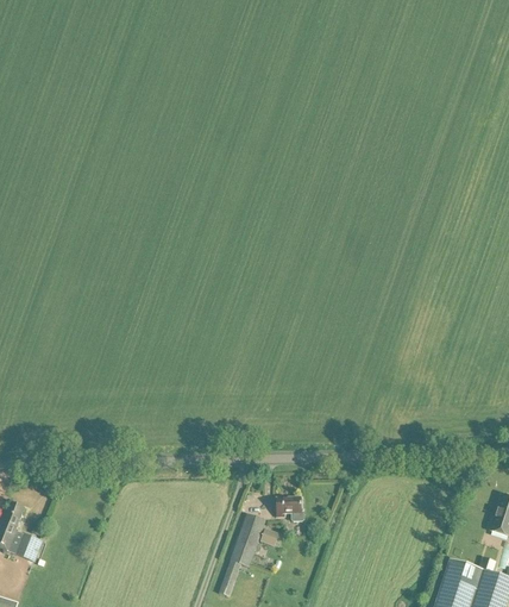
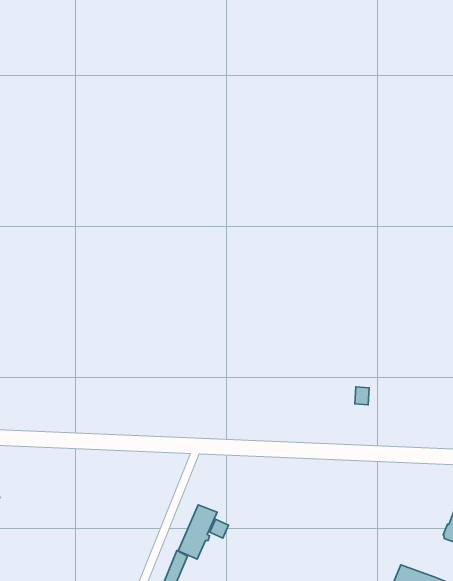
building: [277,498,304,521] -> none

